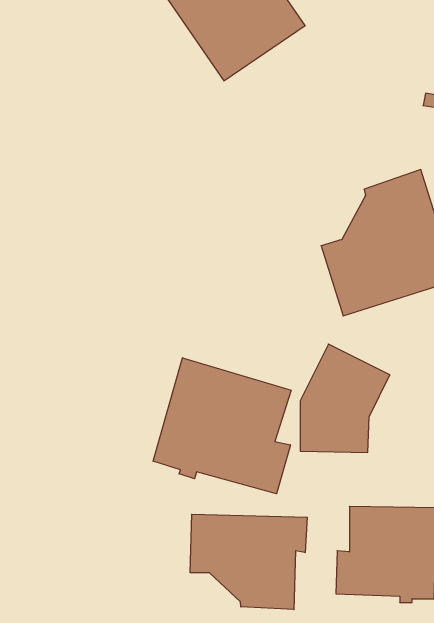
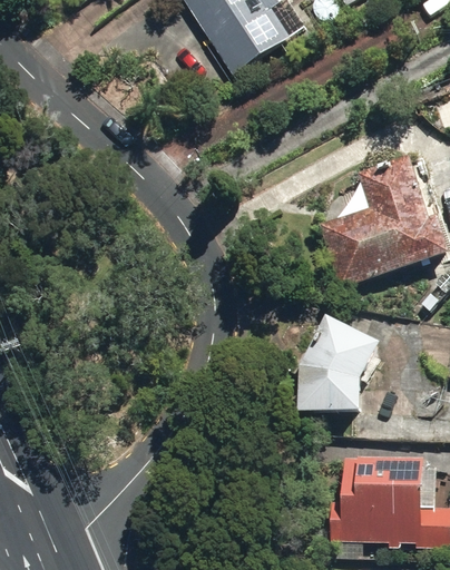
building: [153,358,291,494] -> none
building: [190,514,307,610] -> none

